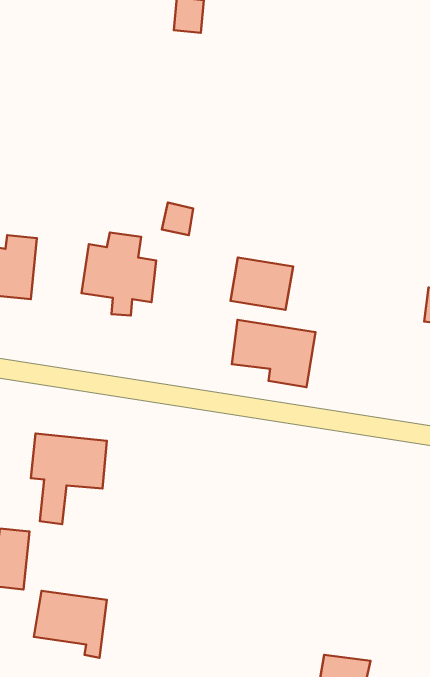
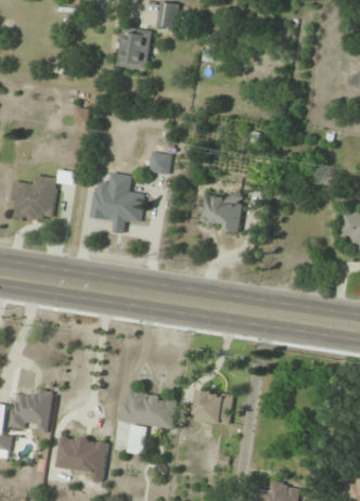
building: none -> [117,26,152,70]
building: [232,320,315,387] -> none
building: [31,433,107,524] -> [121,388,177,454]
building: none -> [194,389,233,424]

